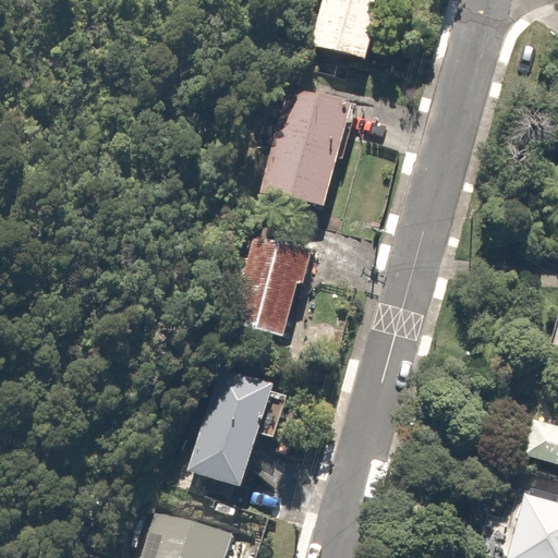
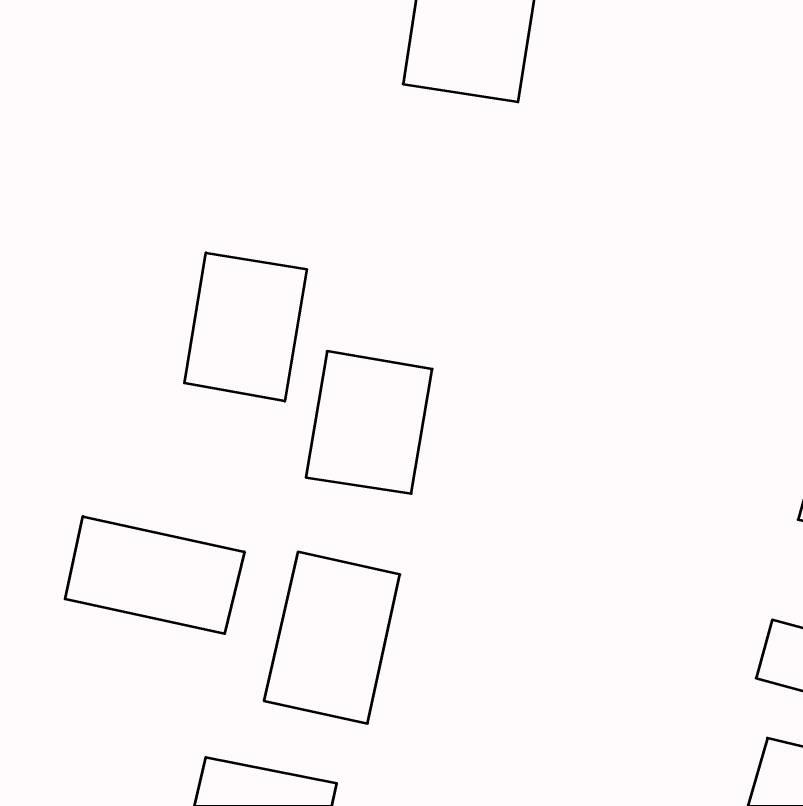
building: [245,94,341,208] -> none
building: none -> [184,253,307,401]
building: none -> [65,516,244,634]

